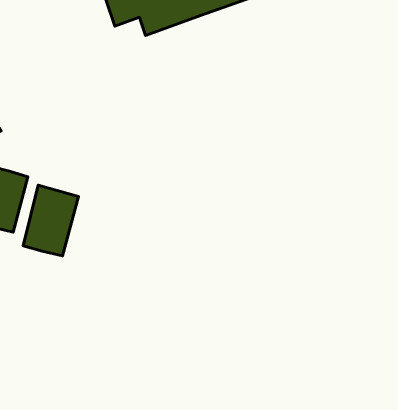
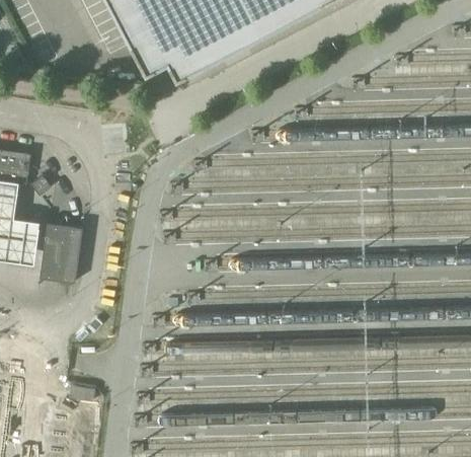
building: [23,185,79,256] -> none

